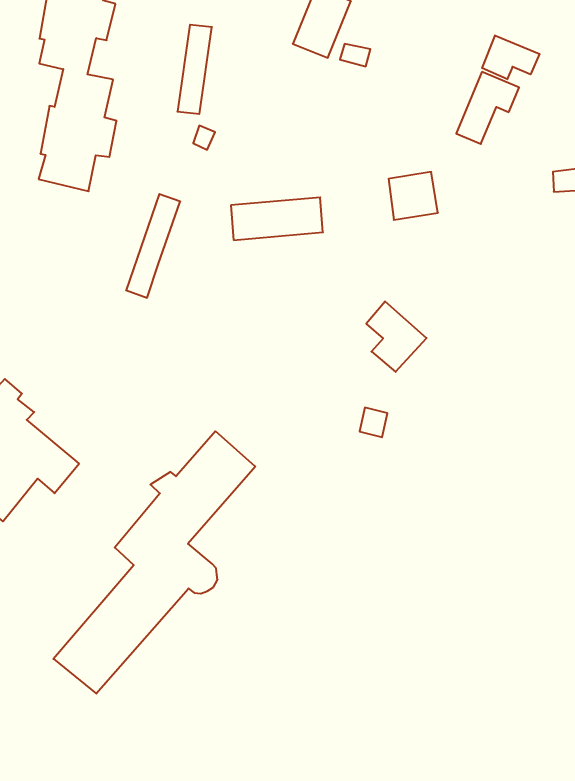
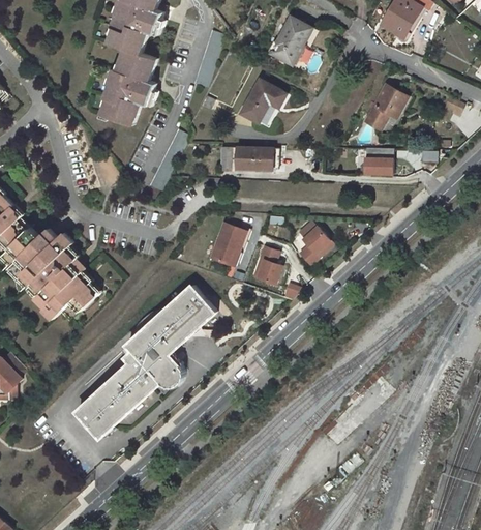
building: [482,35,540,79] -> none
building: none -> [239,78,284,127]
building: [389,172,438,220] -> [365,148,393,175]
building: none -> [208,223,248,269]
building: none -> [253,247,285,284]

